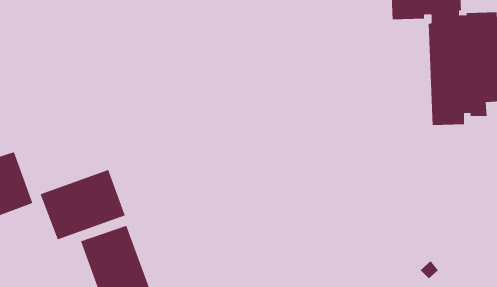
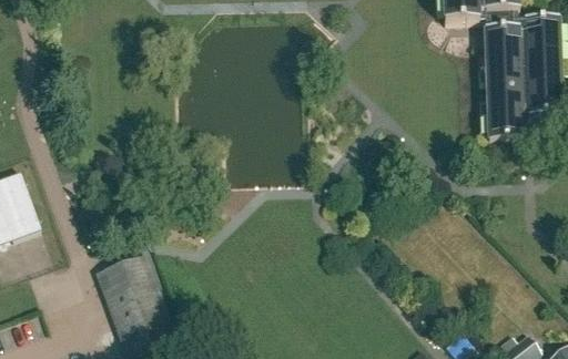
building: [40,169,125,240] -> none

